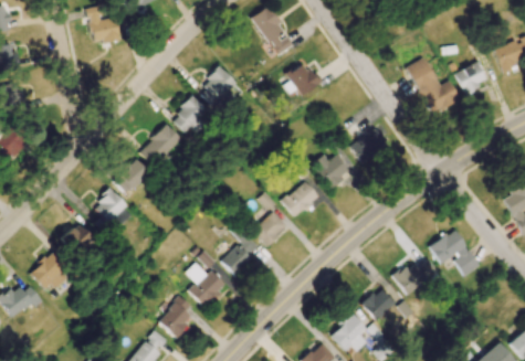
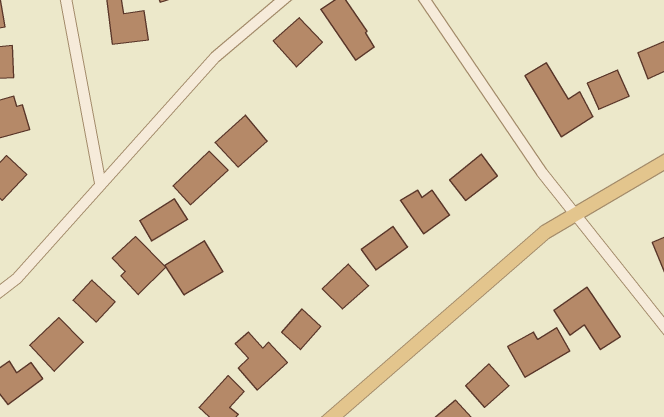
building: [287,62,321,95] -> none
building: [201,67,239,105] -> [273,18,322,67]
building: none -> [165,241,223,295]

